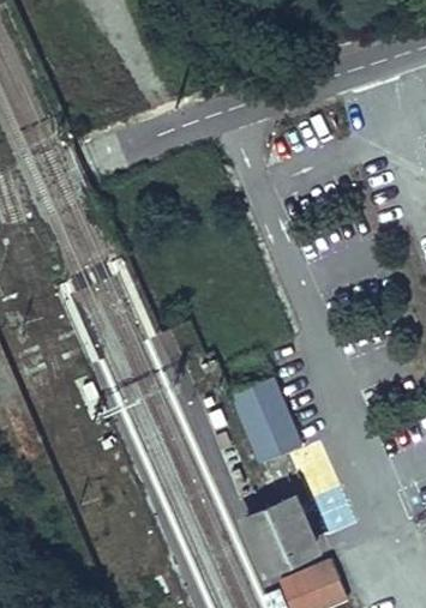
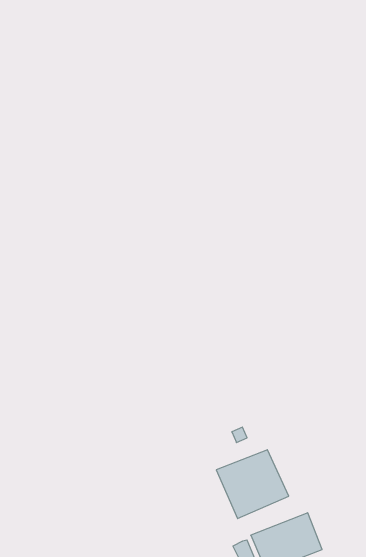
building: [234,378,299,458] -> none

